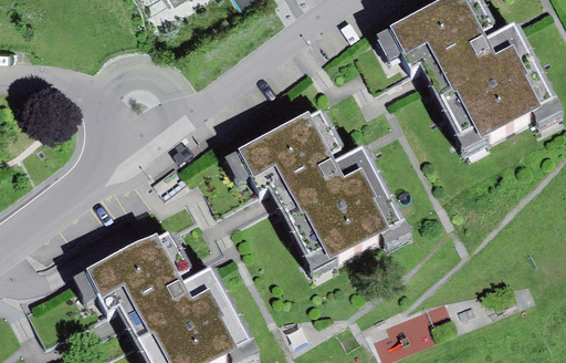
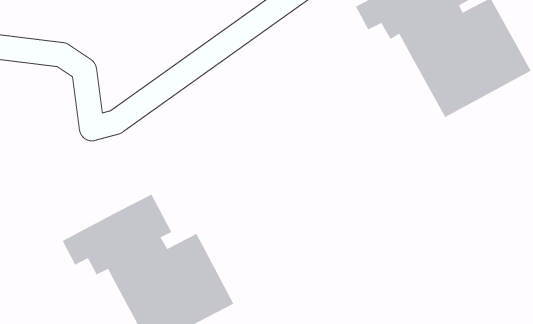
building: [221,110,401,269] -> none

